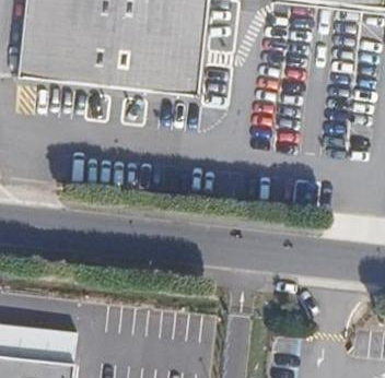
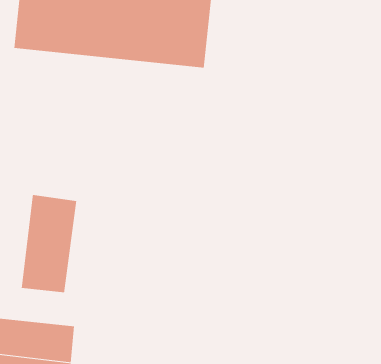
building: none -> [21,194,77,293]

